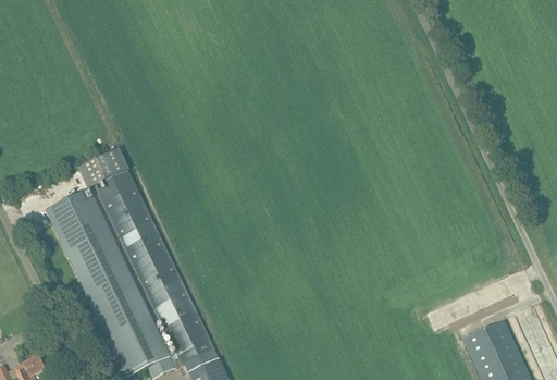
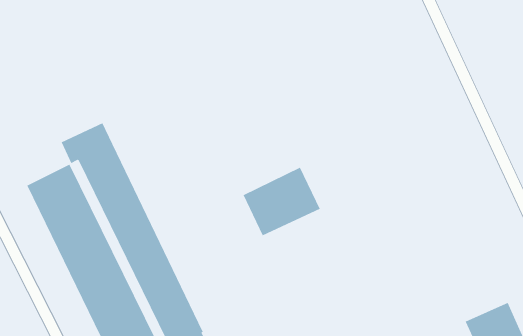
building: none -> [243,167,321,236]

